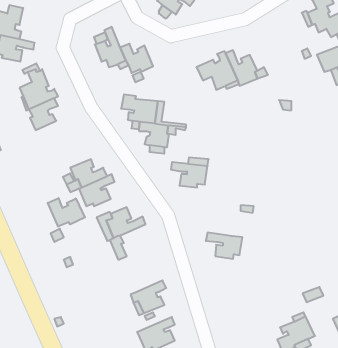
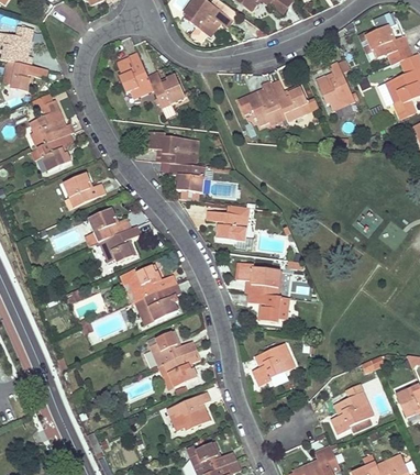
building: none -> [316,60,355,110]
building: none -> [64,174,107,207]
building: [48,198,85,227] -> none
building: none -> [236,262,281,297]
building: none -> [147,283,183,320]
building: none -> [150,329,197,365]
building: none -> [253,342,296,386]

